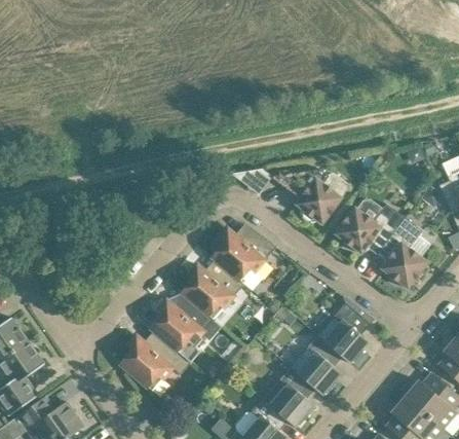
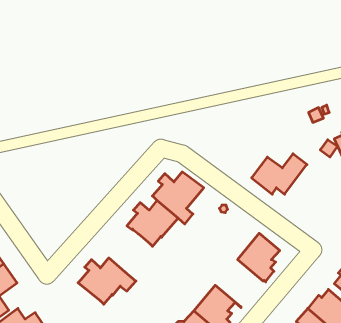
building: [271,169,348,224] -> none
building: [377,217,427,288] -> none
building: [151,297,214,351] -> none
building: [291,335,350,395] -> none

